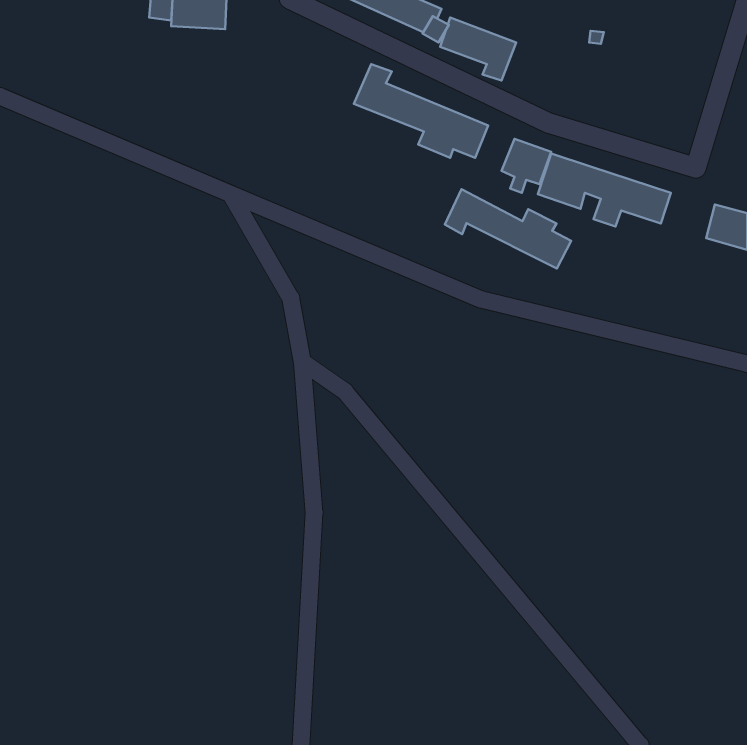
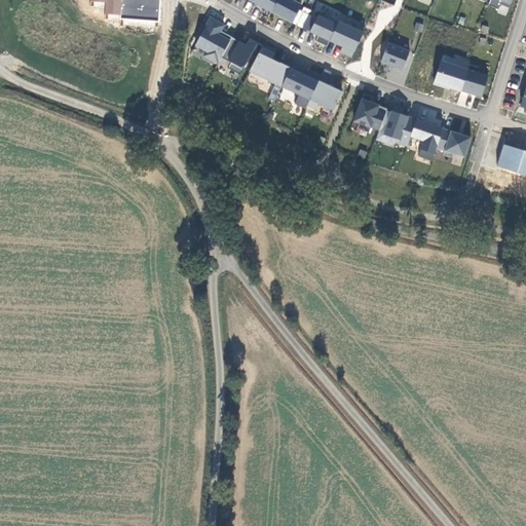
building: none -> [192,14,257,74]
building: none -> [381,42,410,70]
building: none -> [435,52,488,96]
building: [445,189,571,269] -> none

